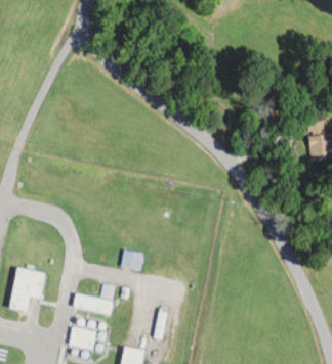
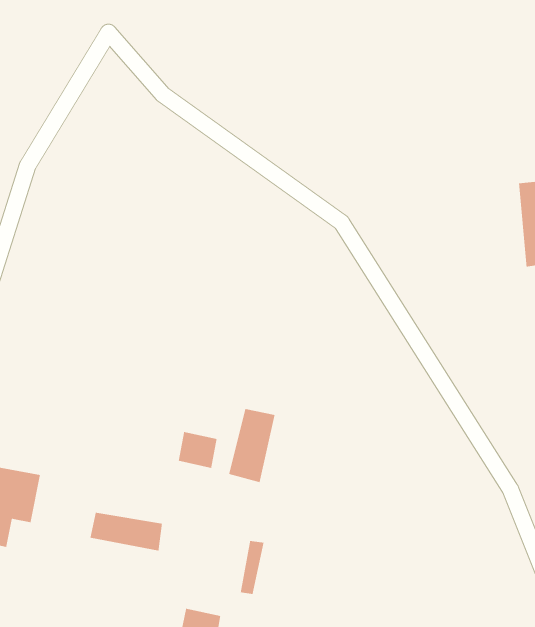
building: none -> [228,408,276,483]
building: [69,325,97,351] -> none

